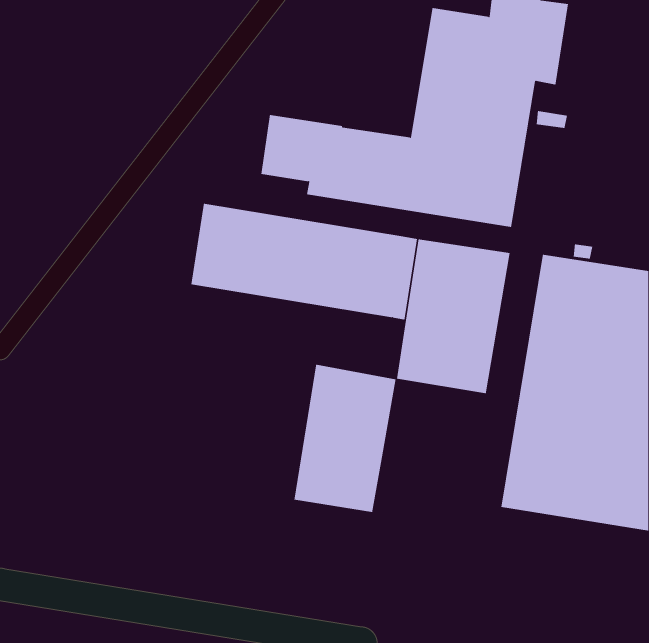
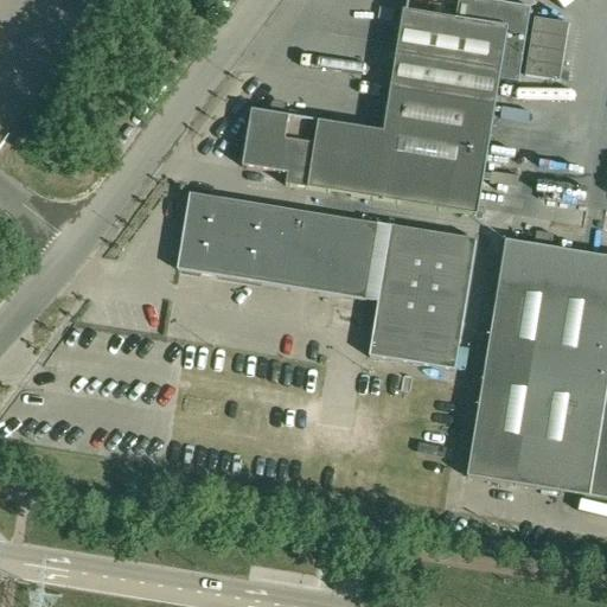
building: none -> [525,14,569,76]
building: [294,364,396,513] -> none

